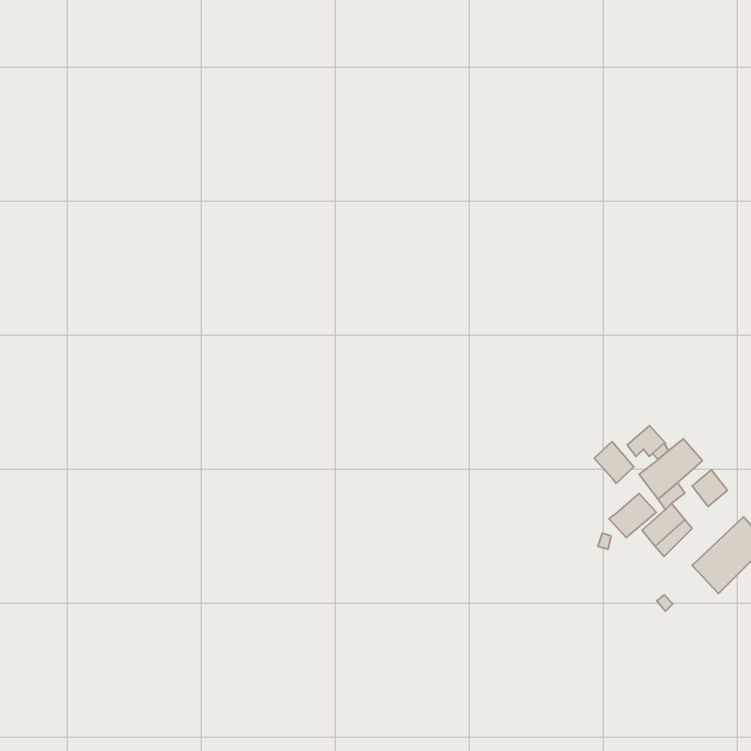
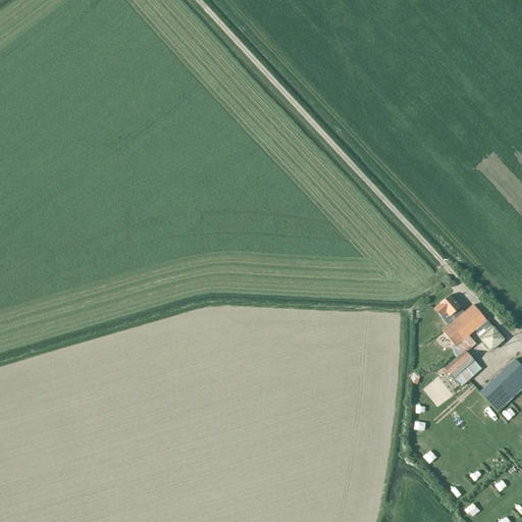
building: [594,442,634,483] -> none
building: [609,493,656,538] -> none

